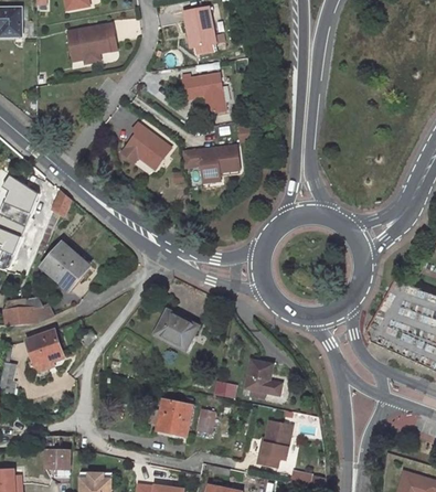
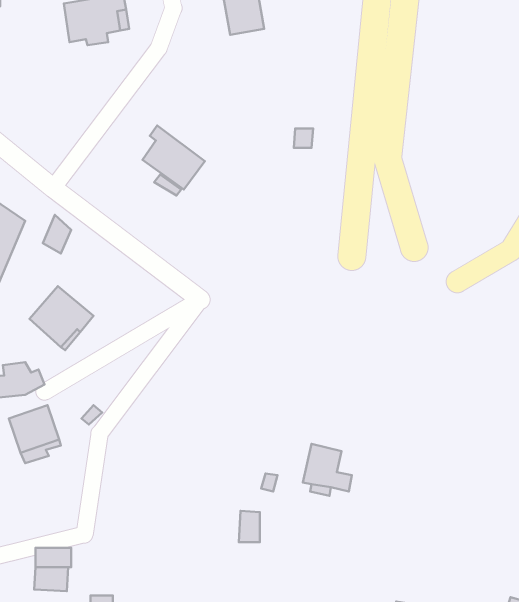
building: [181,74,225,114] -> none
building: [184,146,240,178] -> none
building: [156,309,199,349] -> none
building: [157,399,192,436] -> none
building: [256,420,291,466] -> none

